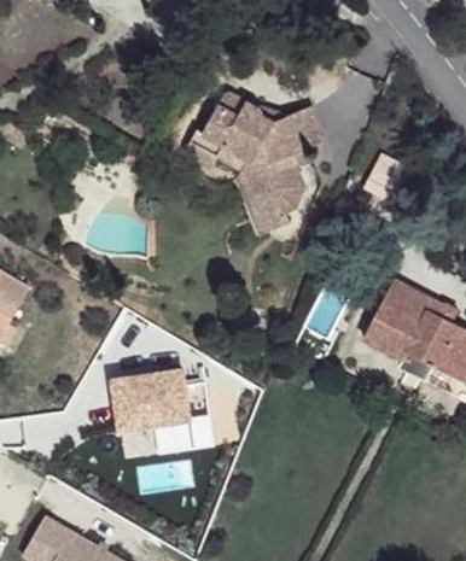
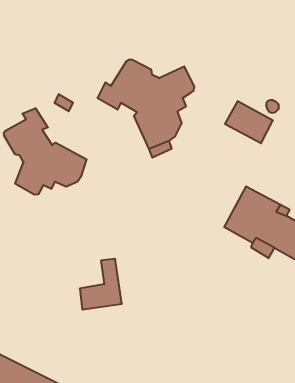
building: none -> [4,108,87,195]
building: [113,369,191,428] -> none

